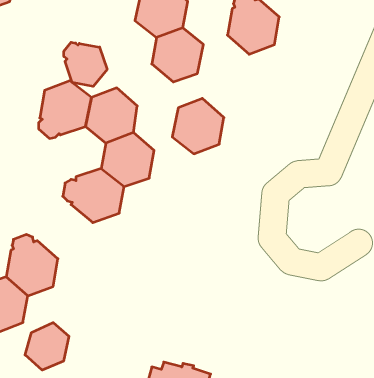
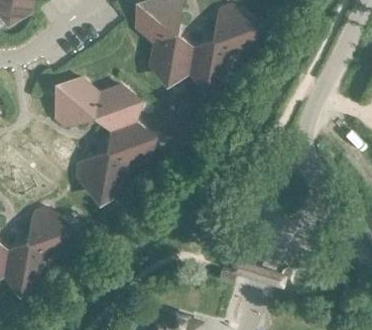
building: [64,42,107,86] -> none
building: [172,98,224,154] -> [188,39,231,86]
building: [25,323,69,370] -> none

